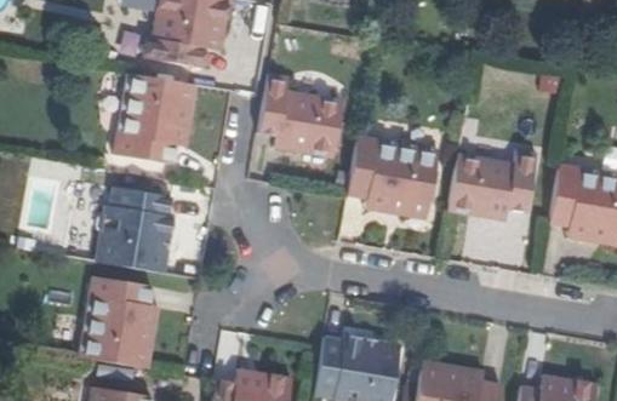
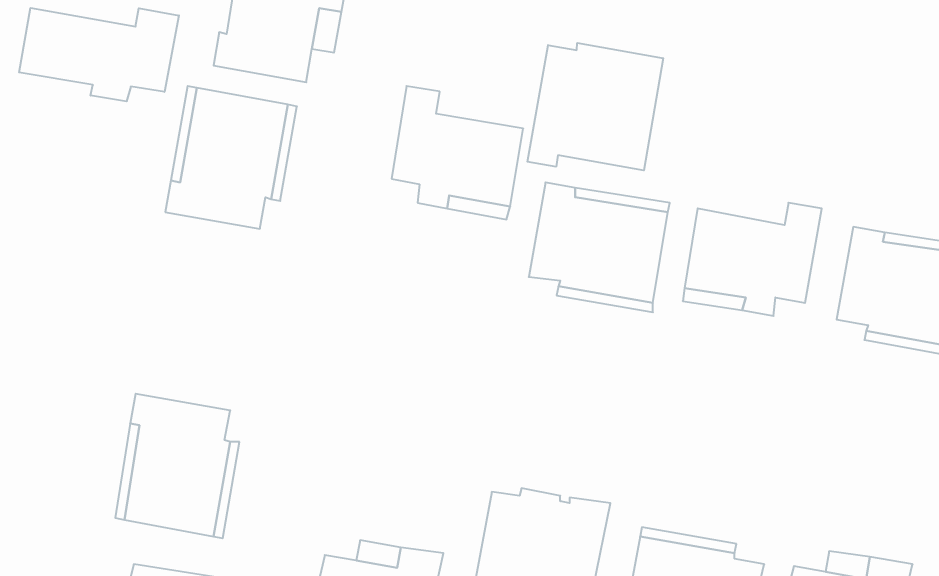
building: none -> [19,8,179,101]
building: none -> [527,43,663,170]
building: [93,185,172,273] -> none

